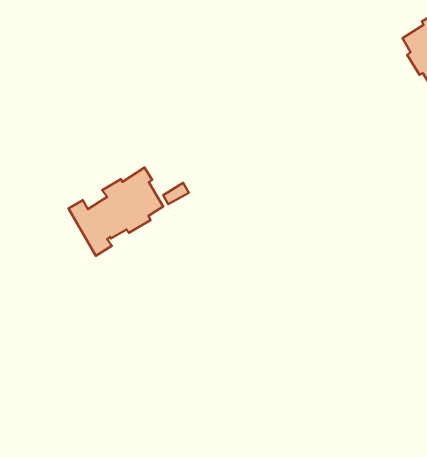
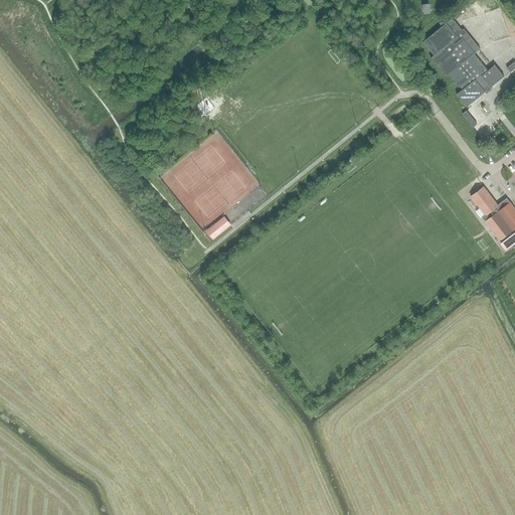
building: [68,167,163,256] -> none

